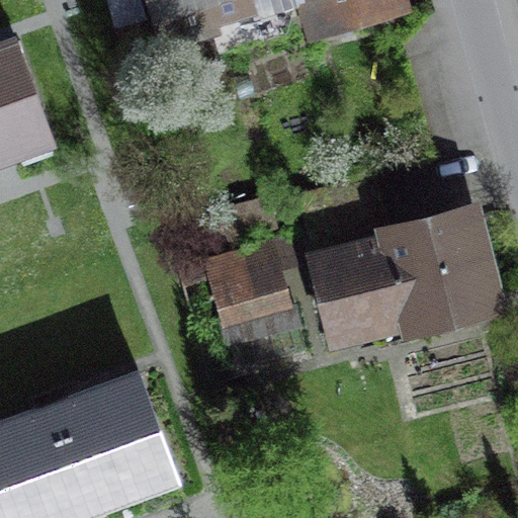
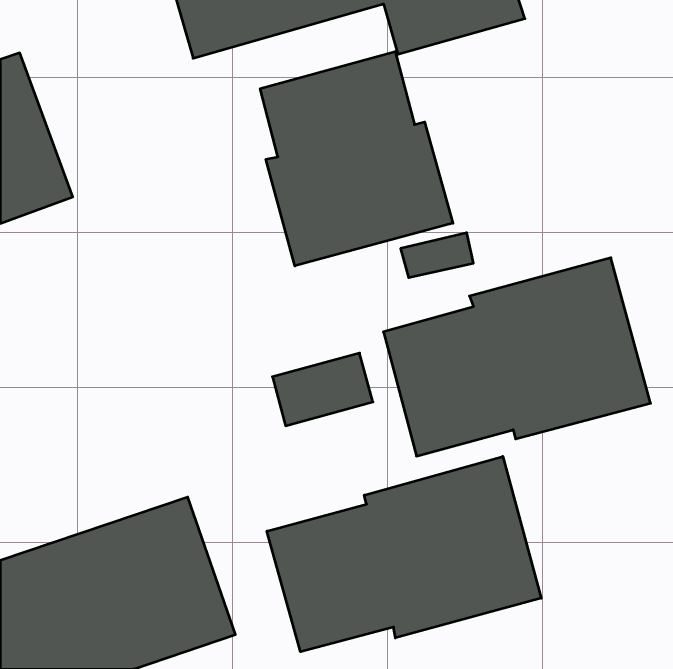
building: none -> [260,52,453,266]
building: none -> [267,456,541,652]

